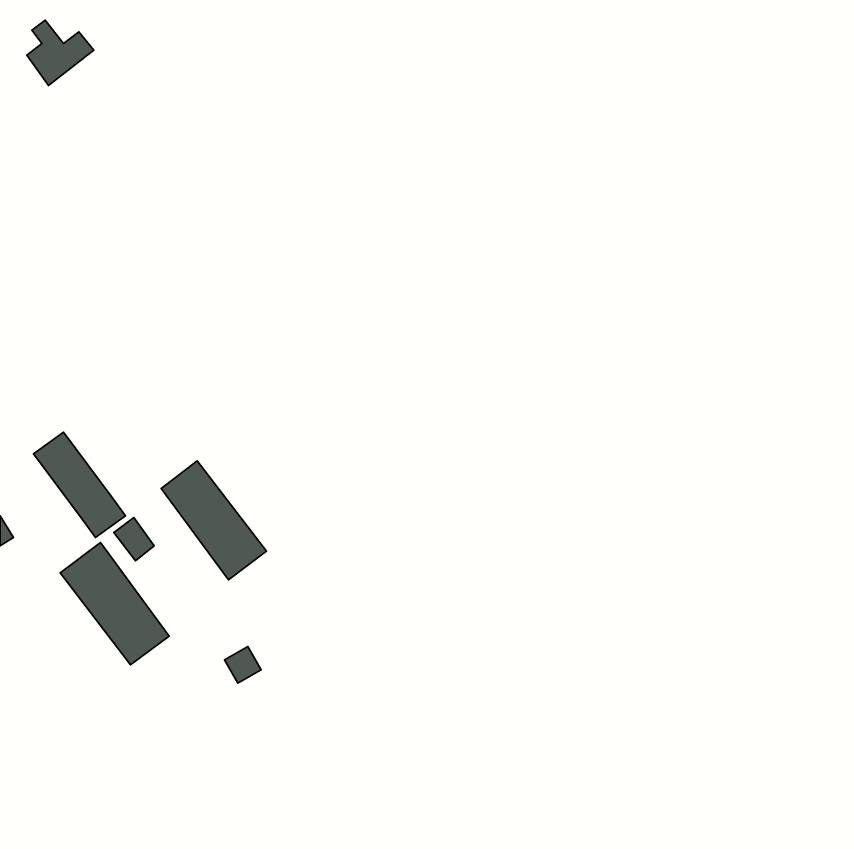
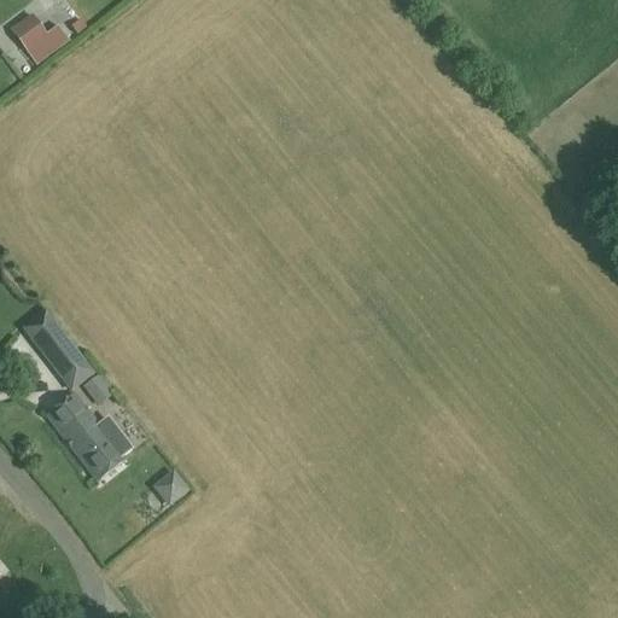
building: [161,461,266,580] -> none

